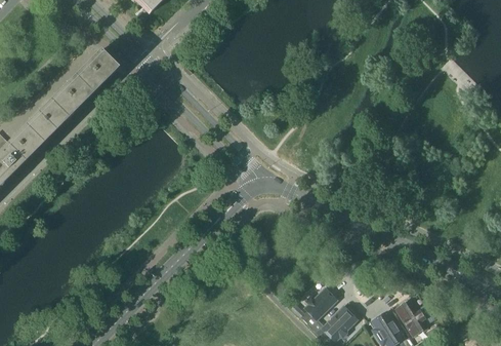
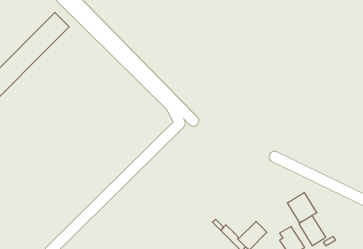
building: none -> [287,192,317,223]
building: [308,283,340,315] -> none

